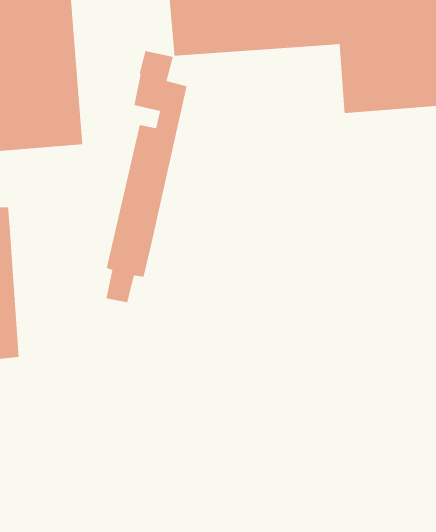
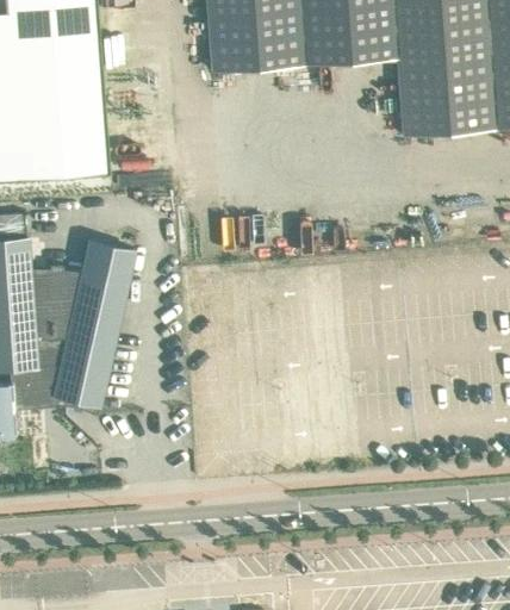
building: [106,50,187,303] -> none
building: none -> [29,242,132,417]

